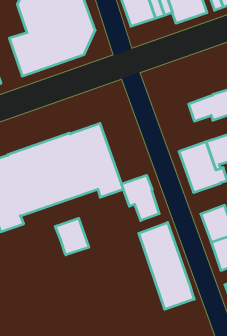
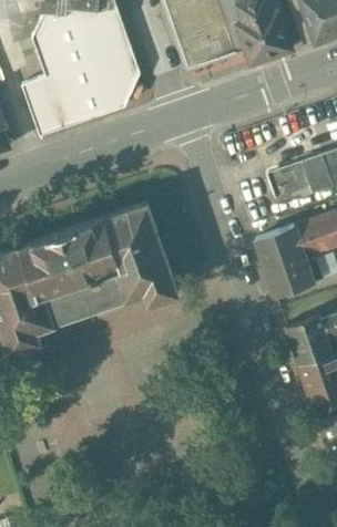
building: [122,175,159,221] -> none
building: [55,218,89,255] -> none
building: [139,222,194,309] -> none

